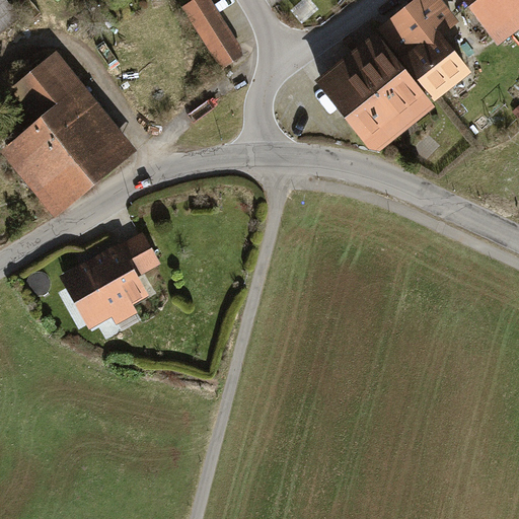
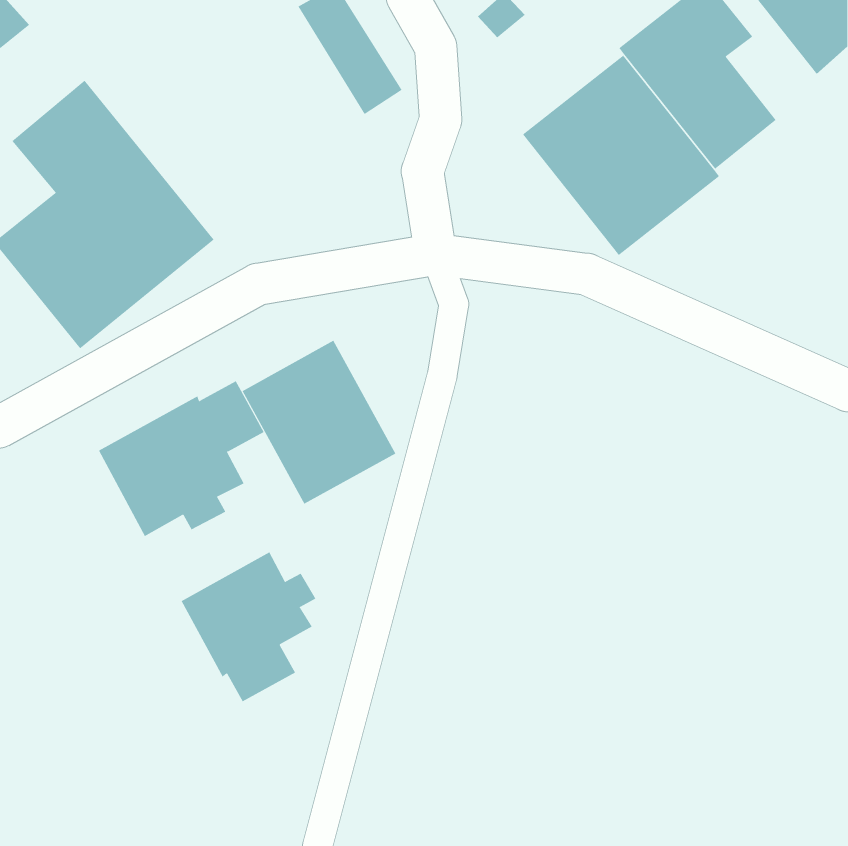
building: none -> [242,340,396,505]
building: none -> [181,552,316,702]

